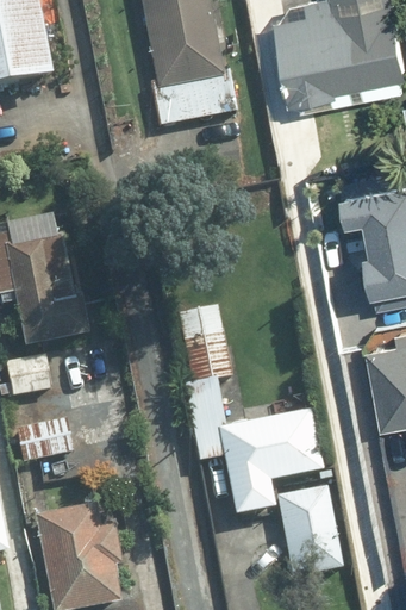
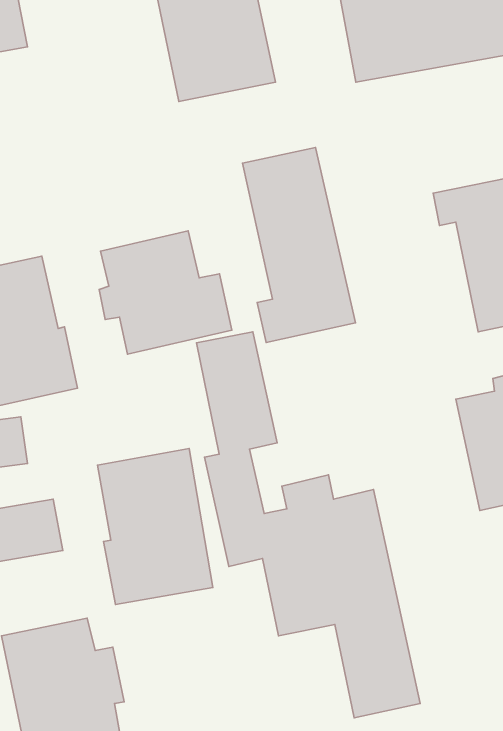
building: none -> [243,147,356,342]
building: none -> [99,231,232,354]
building: none -> [97,448,213,605]

